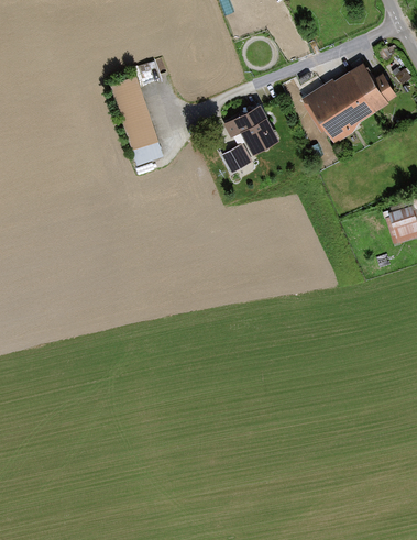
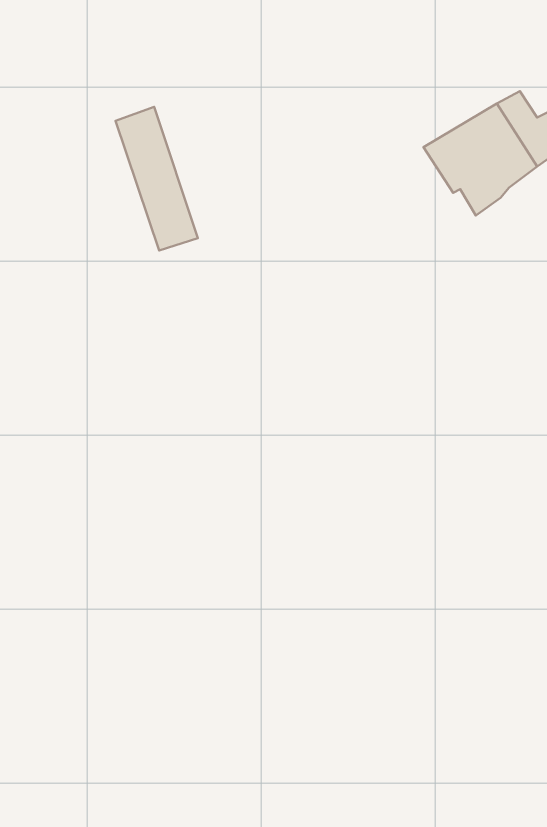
building: [224,104,277,151] -> none
building: [222,143,252,172] -> none

